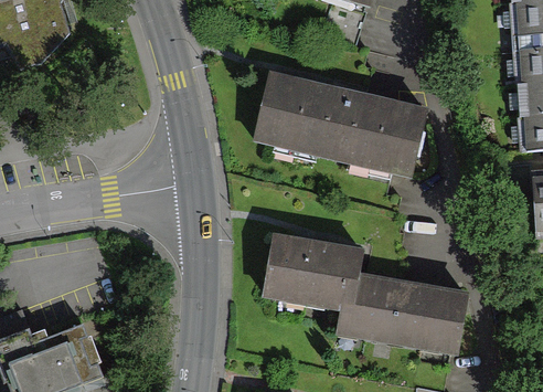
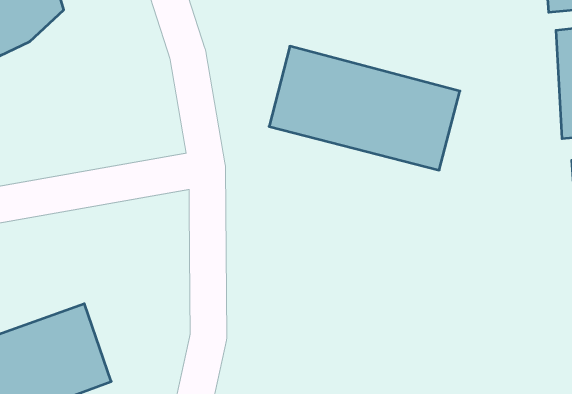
building: [263,234,468,360] -> none

